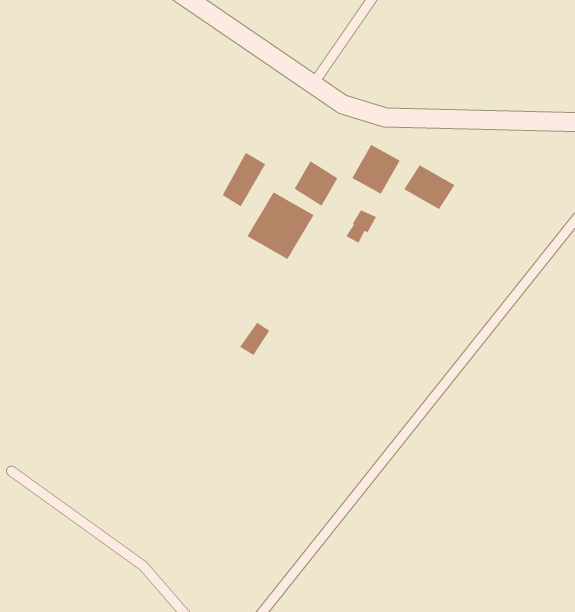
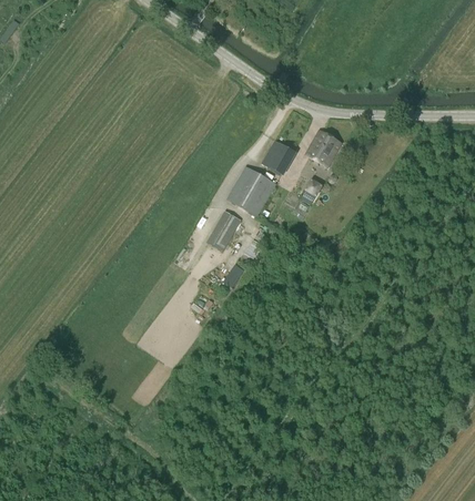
building: [222,152,266,207] -> [208,209,241,250]
building: [404,165,455,210] -> none

